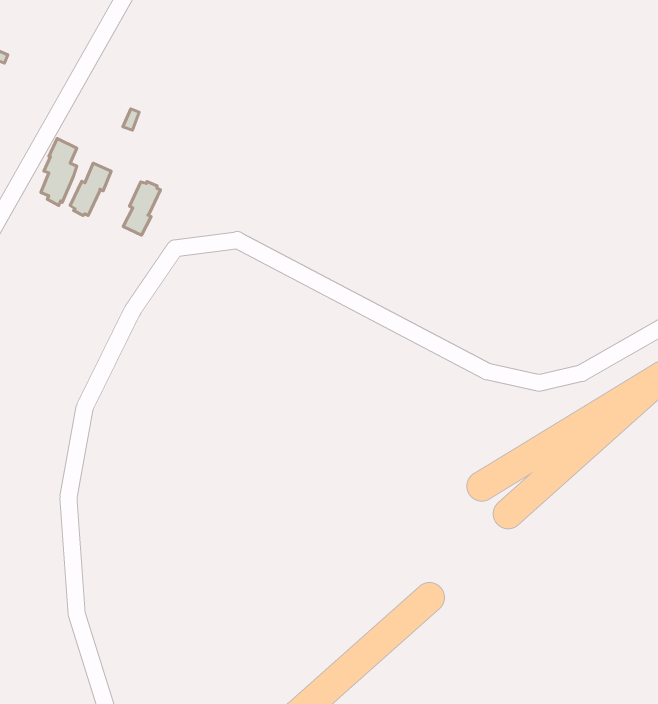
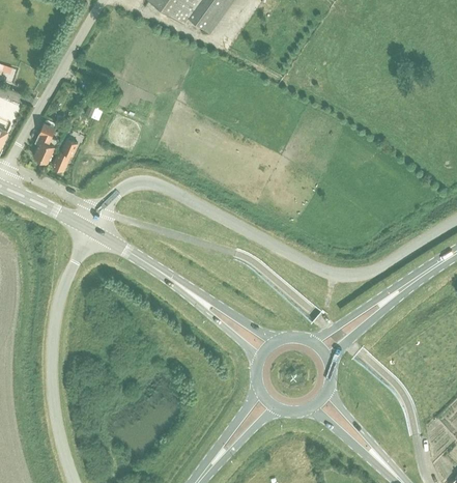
building: [123,181,160,235] -> none

